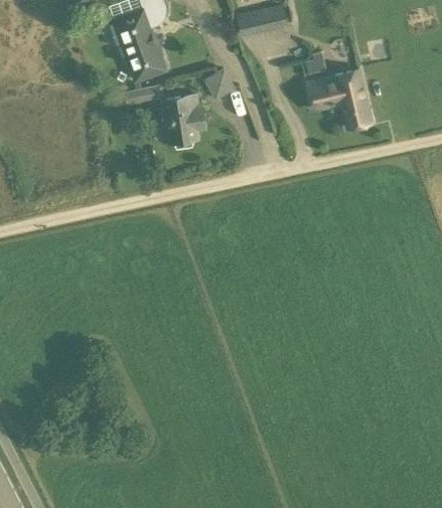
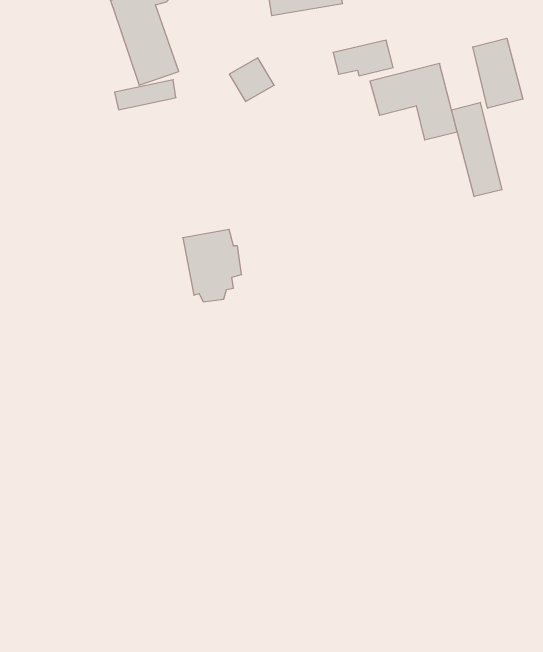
building: none -> [473,38,523,108]
building: [162,94,205,147] -> [183,229,242,302]
building: none -> [452,102,502,197]

